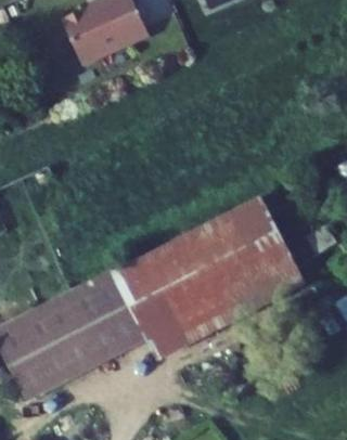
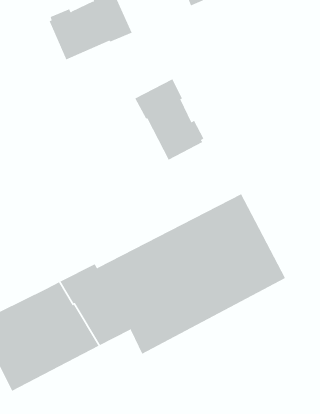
building: none -> [135,78,204,160]

